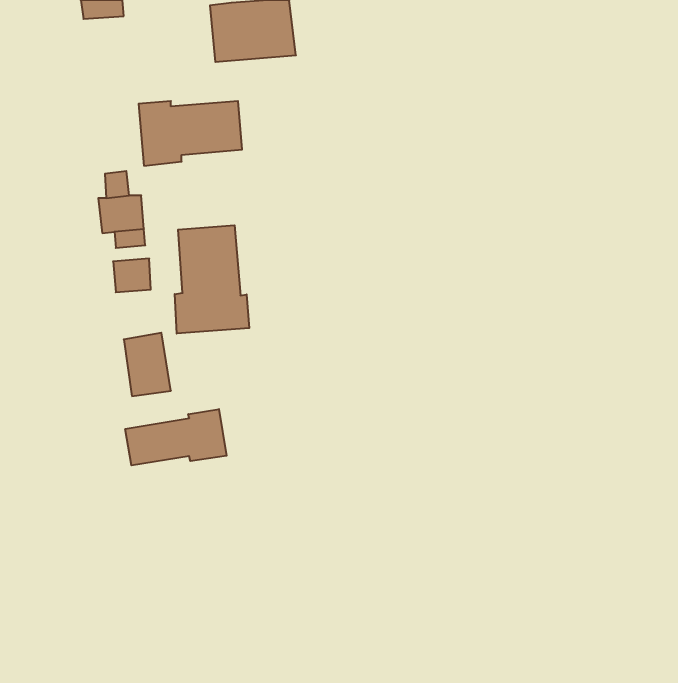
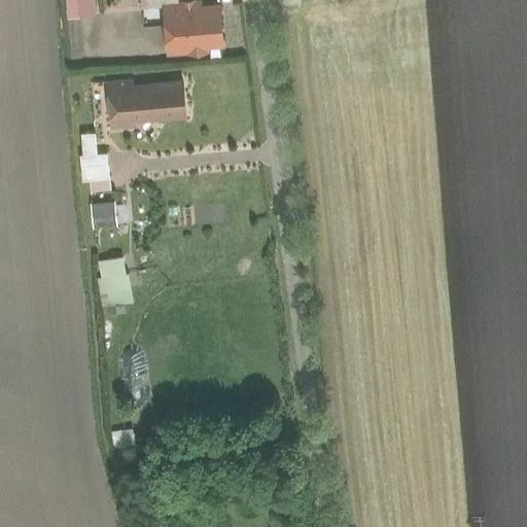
building: [175,225,249,334] -> none
building: [125,409,227,465] -> none

